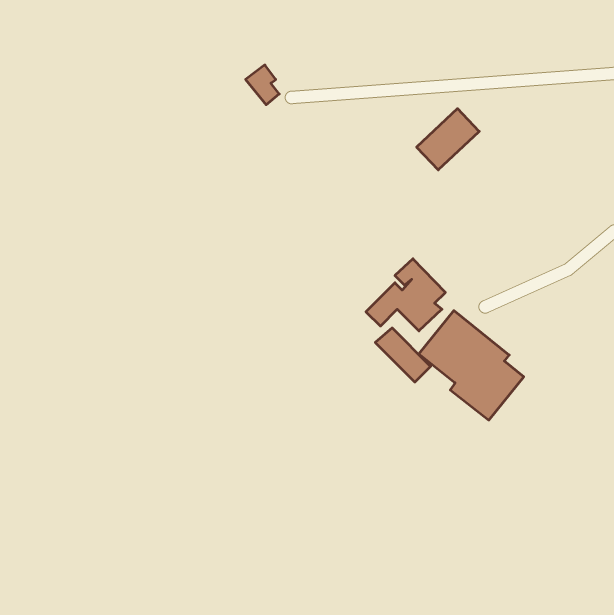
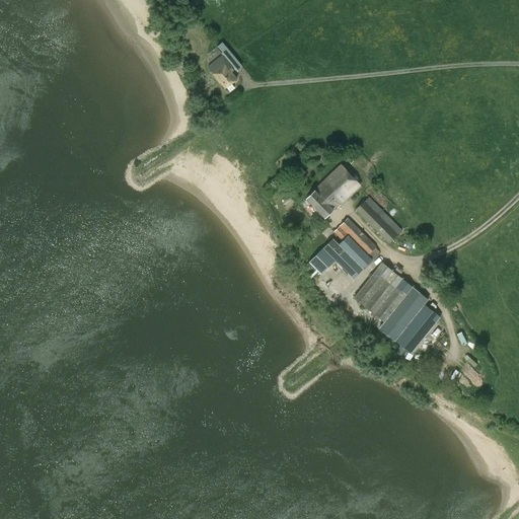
building: [417,109,479,170] -> [305,165,358,217]
building: [375,328,431,382] -> [354,198,400,243]

